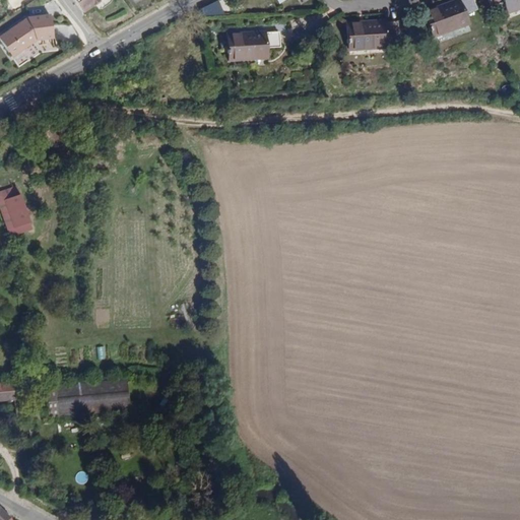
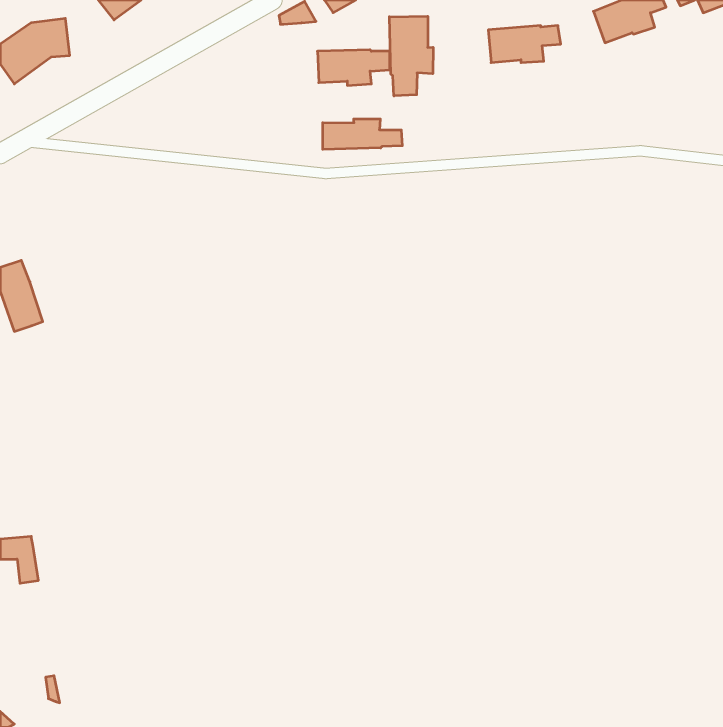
building: none -> [389,16,433,96]
building: none -> [323,119,402,149]
building: [50,379,132,416] -> none

